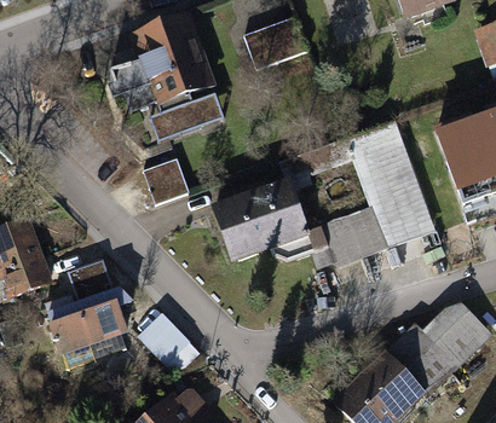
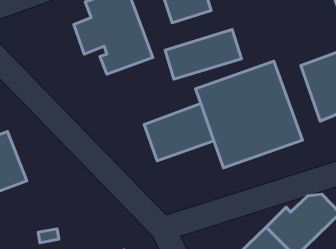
building: none -> [165,30,241,79]
building: [143,158,191,207] -> none
building: [42,262,129,353] -> none
building: [139,314,200,375] -> none

